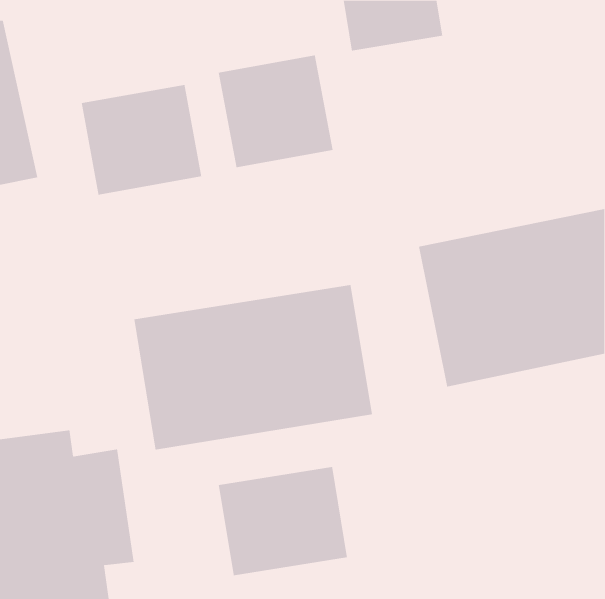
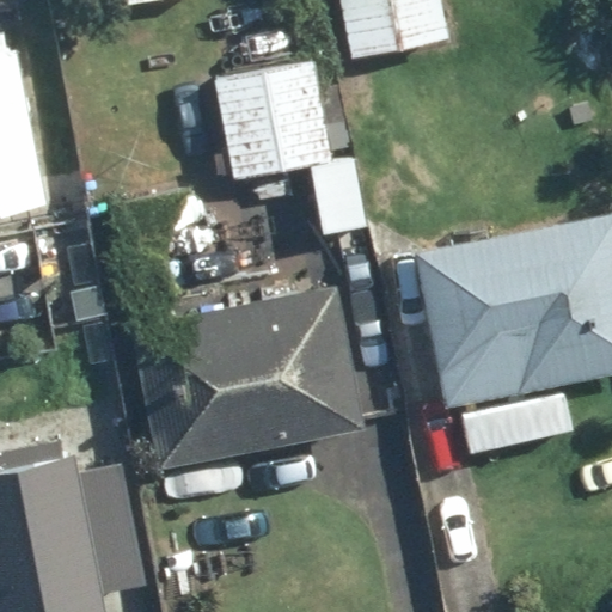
building: [81,84,202,196] -> none
building: [218,466,347,576] -> none

